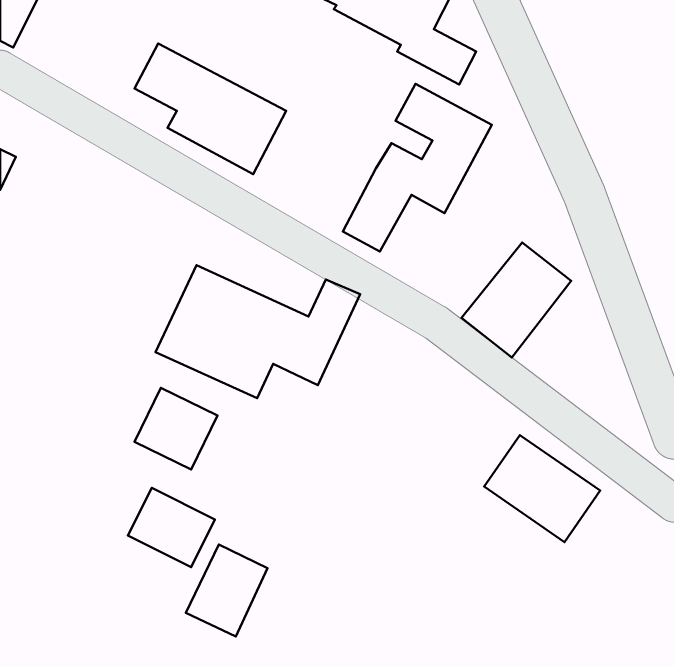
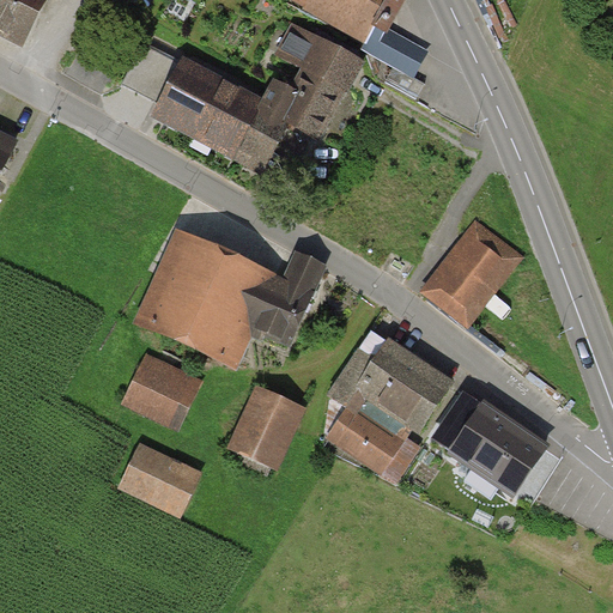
building: [343,84,492,251] -> [230,24,365,176]
building: none -> [330,328,451,467]
building: [186,544,268,637] -> [223,387,297,471]

